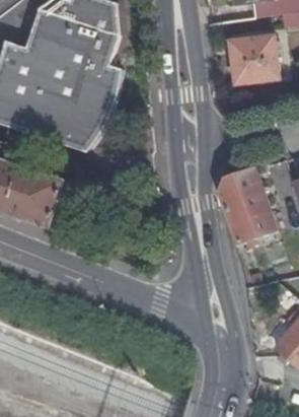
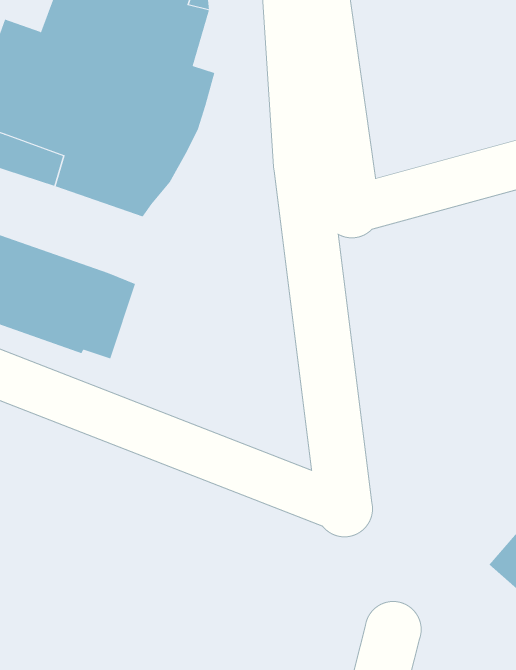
building: [228,33,279,82] -> none
building: [219,167,276,242] -> none

